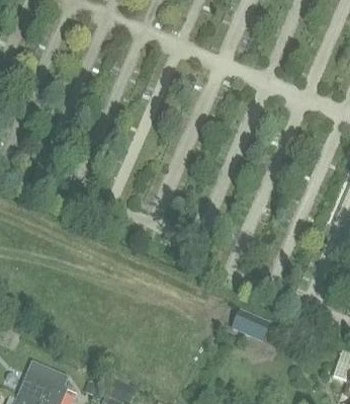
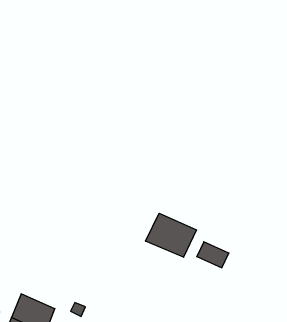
building: none -> [146,213,197,257]

